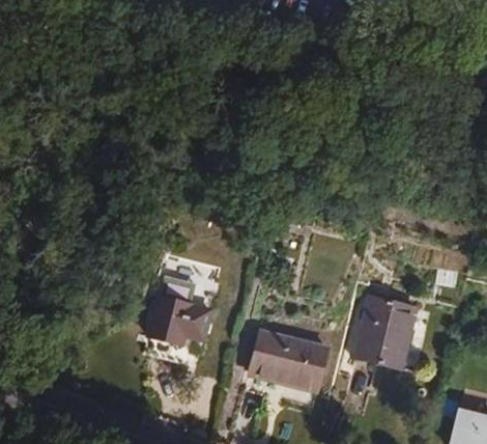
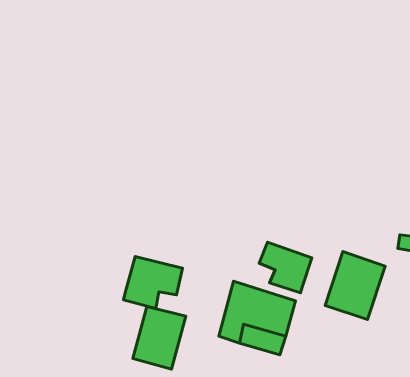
building: none -> [259,242,312,293]
building: none -> [133,306,186,369]

